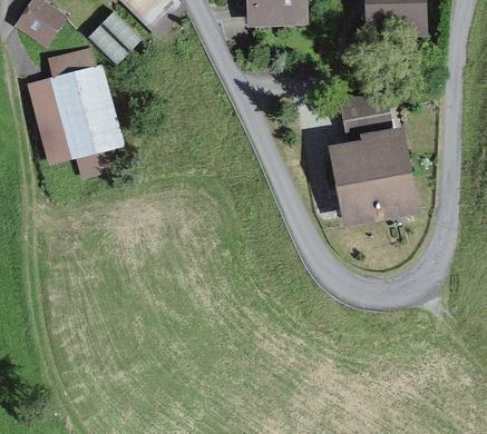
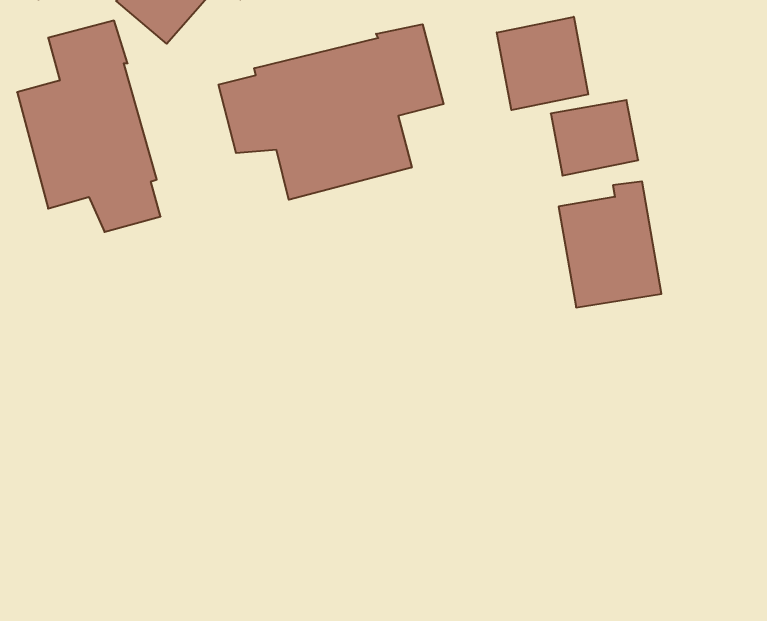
building: none -> [497,17,588,110]
building: none -> [219,24,444,200]

